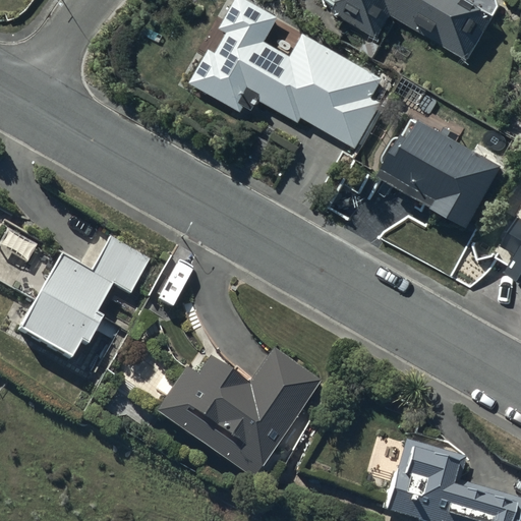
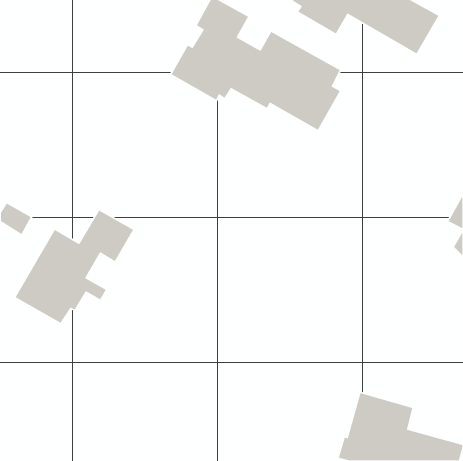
building: [382,120,504,231] -> none
building: [153,346,321,481] -> none

